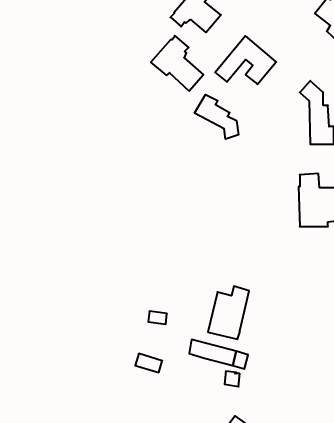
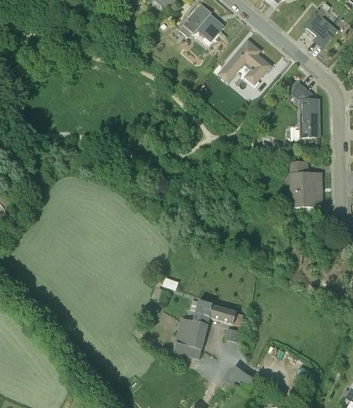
building: [151,36,203,91] -> none
building: [195,95,239,139] -> none
building: [208,286,249,339] -> [174,313,209,358]

